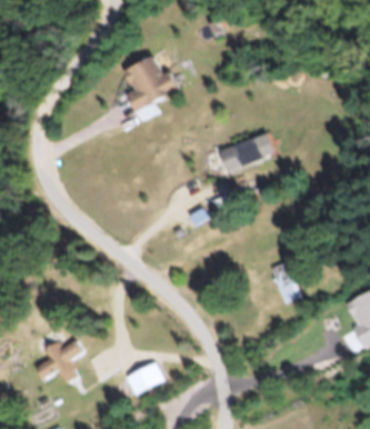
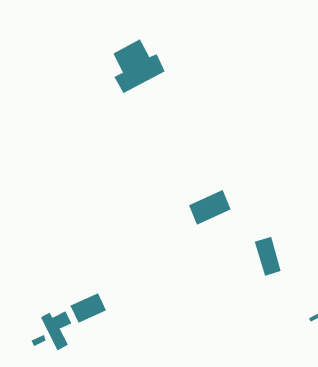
building: [218,137,263,174] -> [188,189,232,225]
building: [126,362,164,395] -> [70,293,107,323]

